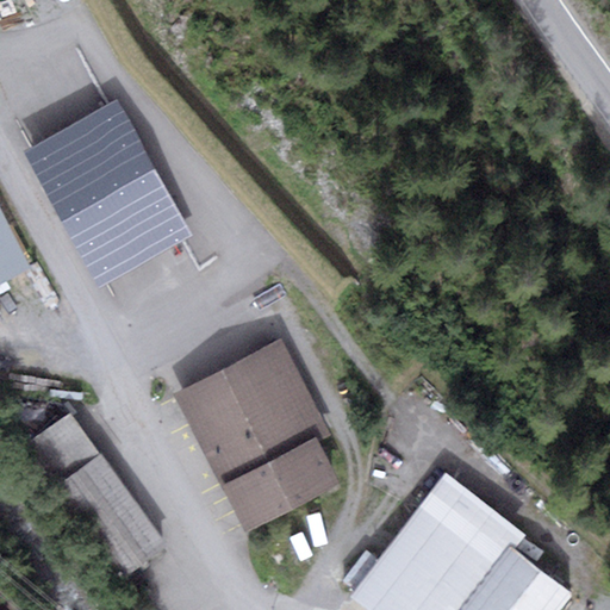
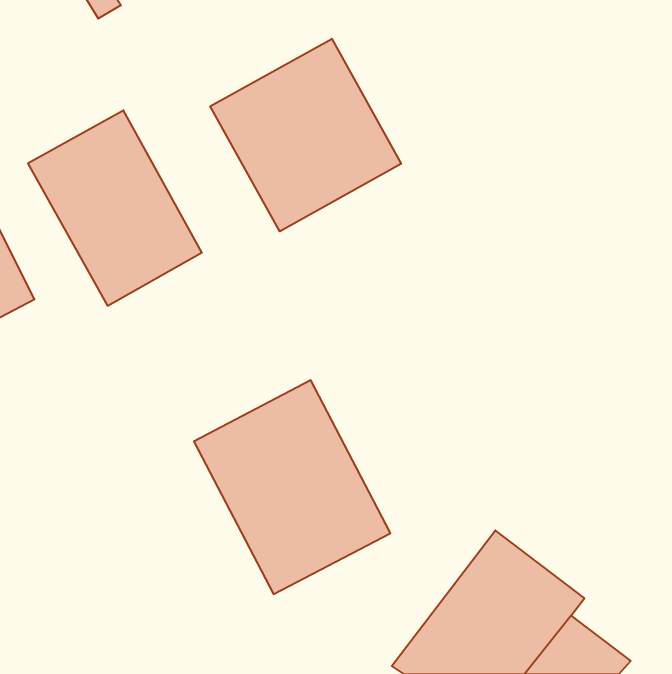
building: none -> [210,39,401,231]
building: [23,413,168,580] -> none

